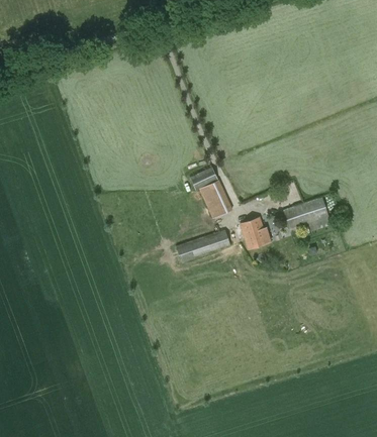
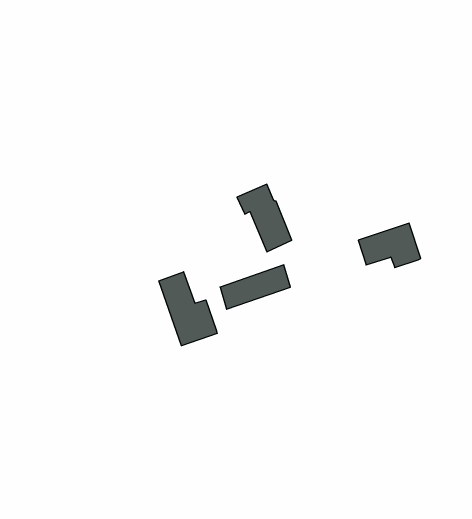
building: [240,217,271,249] -> none
building: none -> [159,272,217,346]

